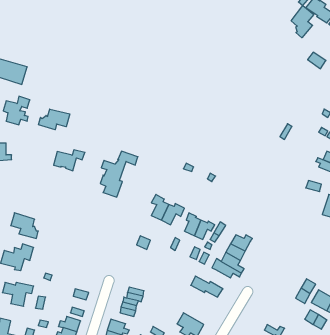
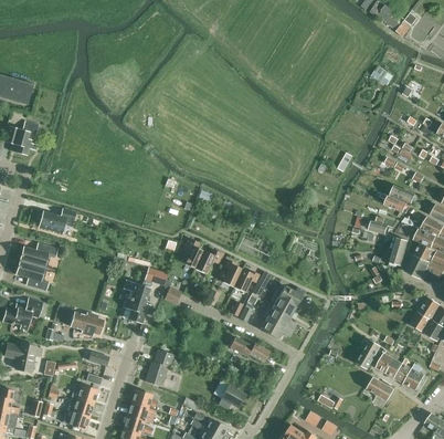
building: [291,6,314,38] -> none
building: [38,109,70,130] -> none
building: [54,150,85,171] -> [39,209,76,234]
building: [100,151,138,197] -> [123,269,168,324]
building: none -> [19,242,57,268]
building: none -> [70,311,104,335]

